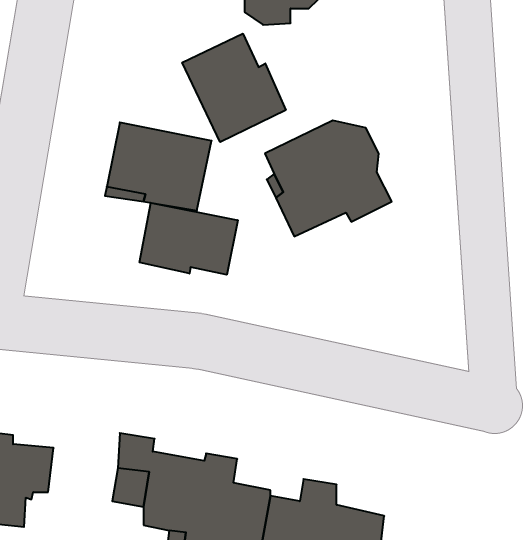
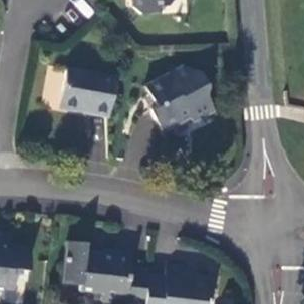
building: [182,34,286,142] -> none
building: [140,203,238,275] -> none

